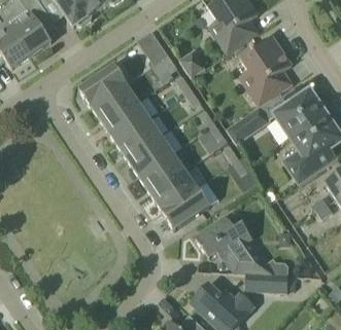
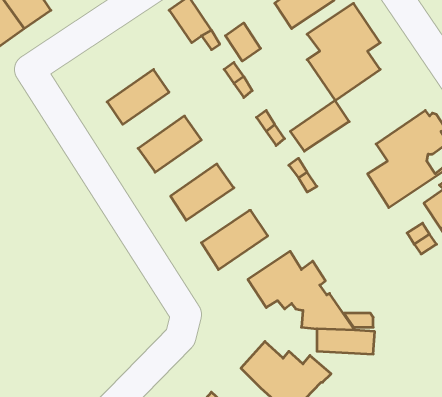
building: [77,64,127,107] -> none
building: [273,89,326,138] -> none
building: [103,100,148,141] -> none
building: [127,135,172,176] -> none
building: [149,170,196,210] -> none

